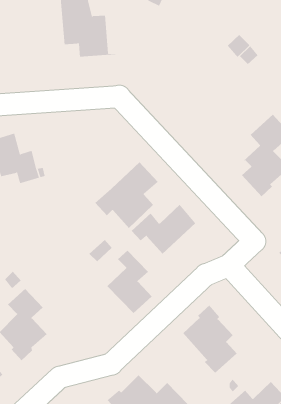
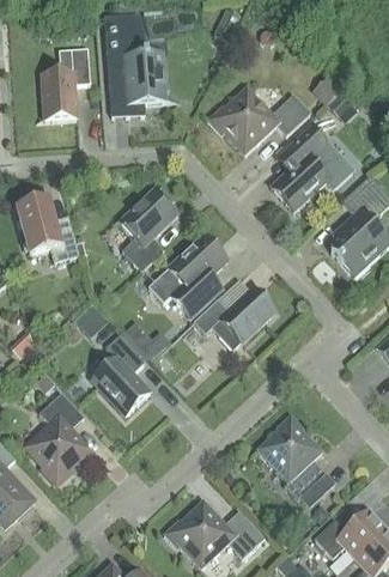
building: none -> [41,48,90,121]
building: none -> [207,86,310,154]
building: none -> [271,124,352,212]
building: none -> [120,189,177,271]
building: [106,250,153,314] -> [92,334,150,414]

